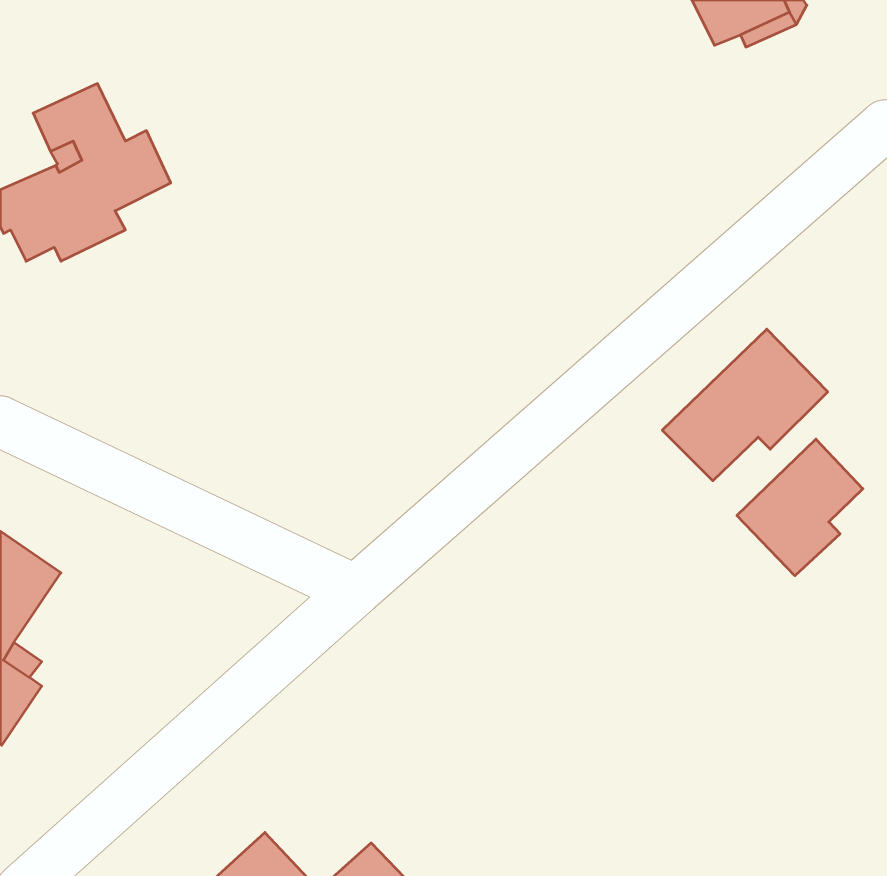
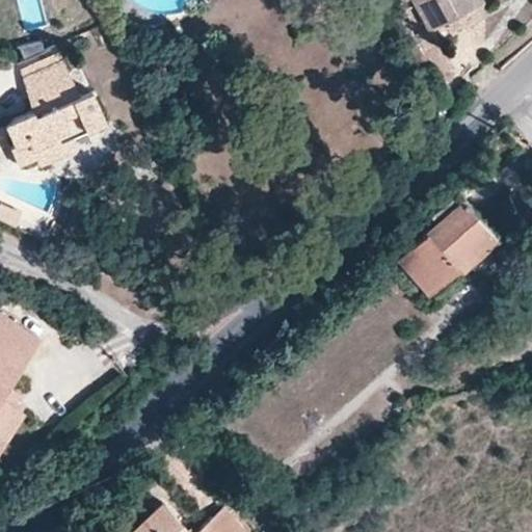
building: [737,439,863,576] -> none

